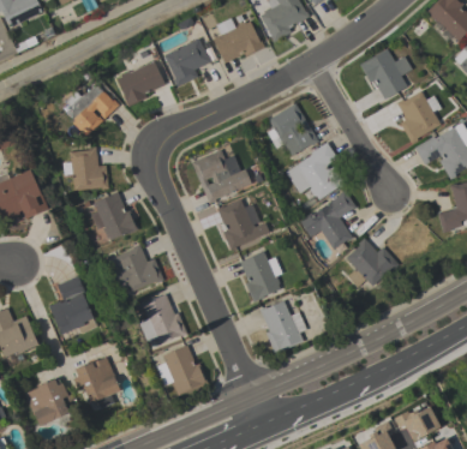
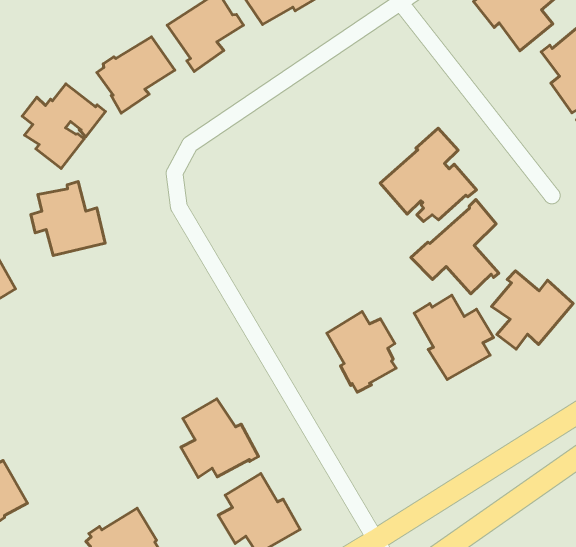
building: [269,103,319,155] -> none
building: [191,149,252,204] -> none
building: [91,192,138,240] -> none
building: [217,199,269,250] -> none
building: [108,244,163,292] -> none
building: [49,276,98,335] -> none
building: [259,300,307,353] -> [414,295,494,380]

